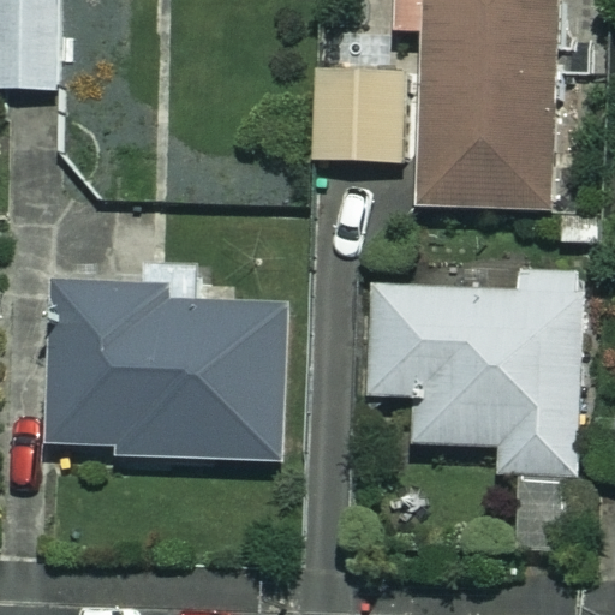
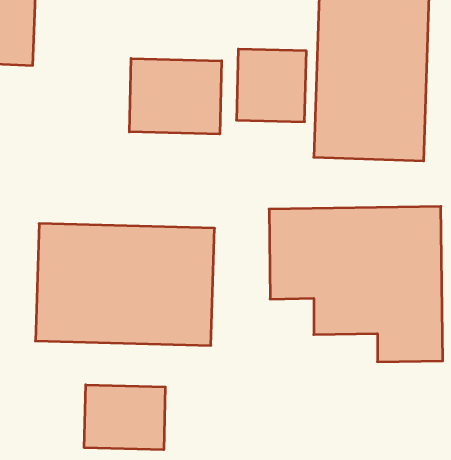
building: none -> [129,58,222,134]
building: none -> [84,385,165,450]

